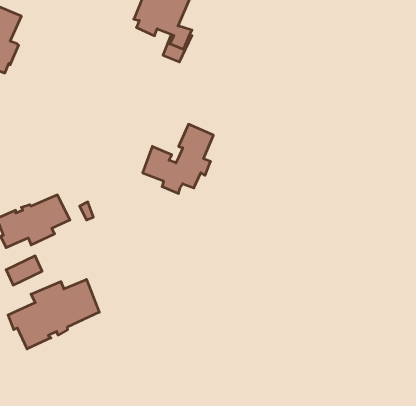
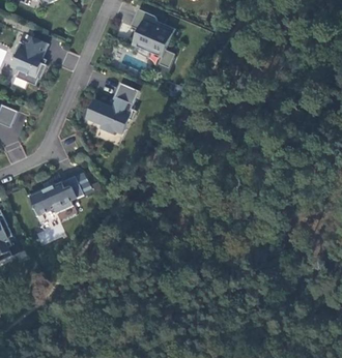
building: [143,124,213,193] -> [84,82,137,133]
building: [8,279,99,349] -> none

